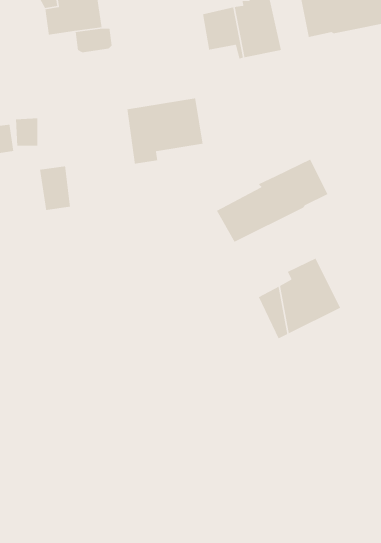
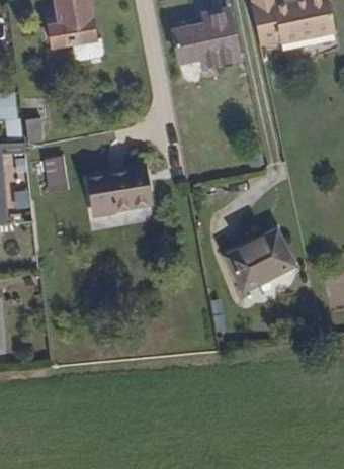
building: [127,98,204,164] -> [84,169,146,222]
building: [216,159,329,243] -> none

